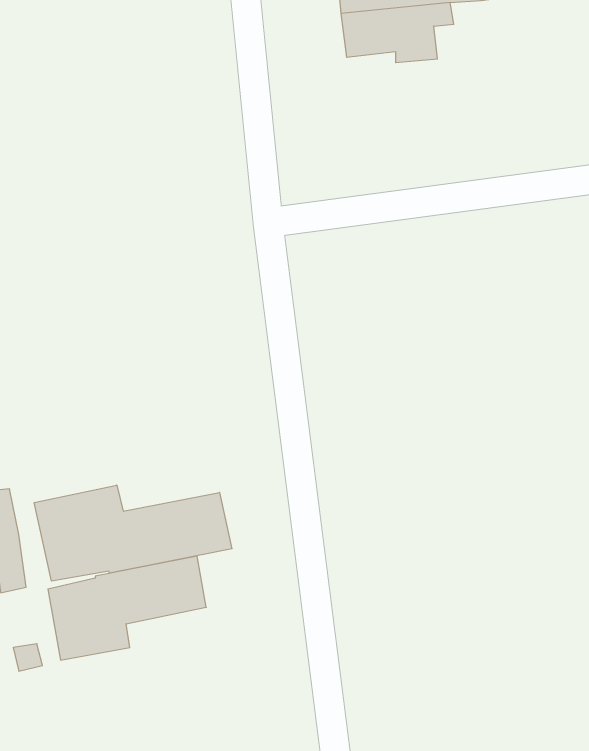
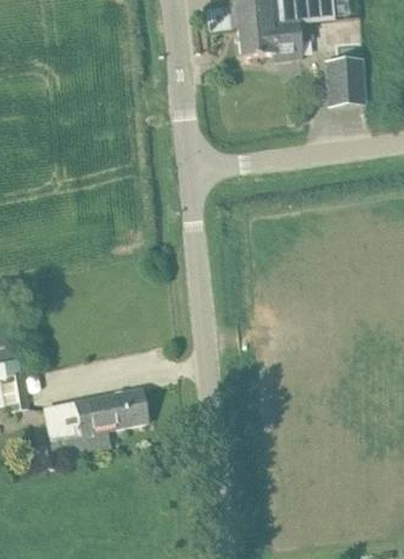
building: none -> [329,59,362,101]
building: [34,485,232,581] -> none

